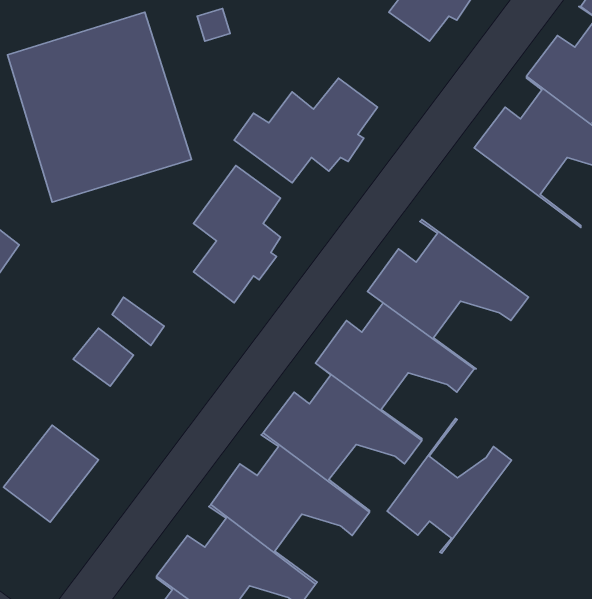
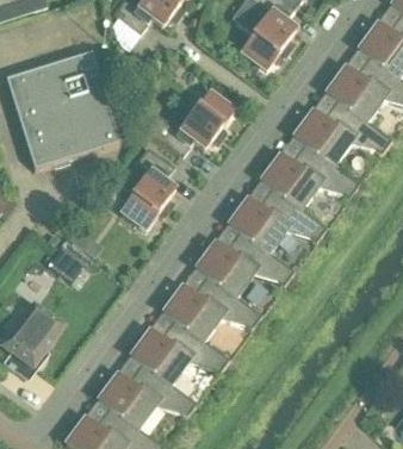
building: none -> [261,135,359,226]
building: [387,419,512,553] -> none

